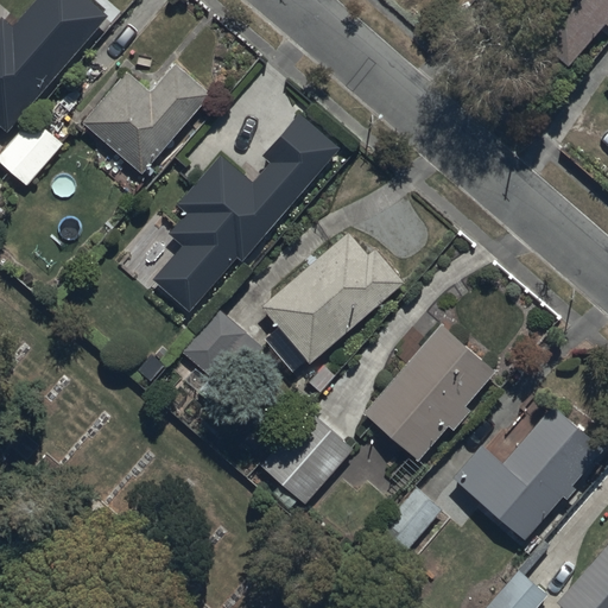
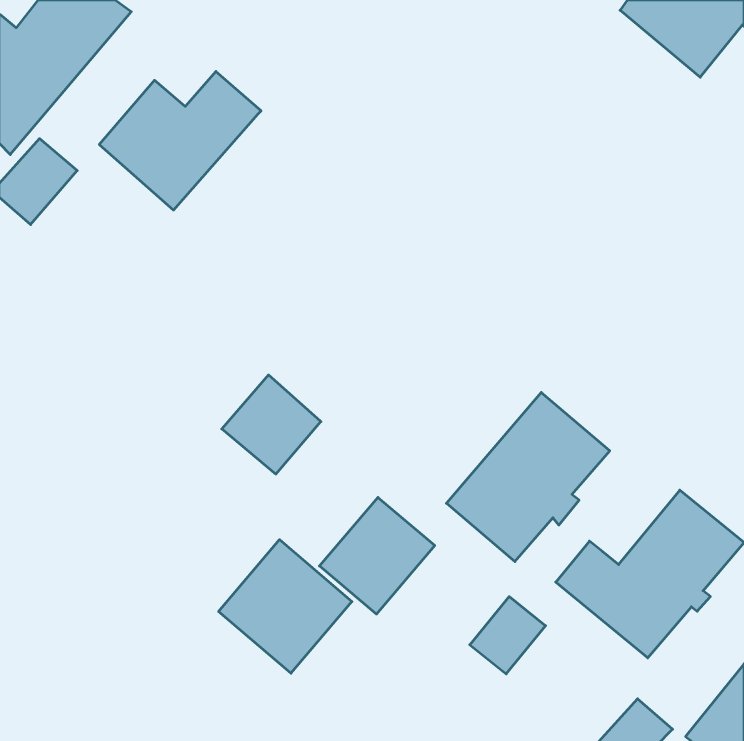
building: [152,112,341,312] -> none
building: [261,232,406,369] -> none
building: none -> [219,540,352,673]

